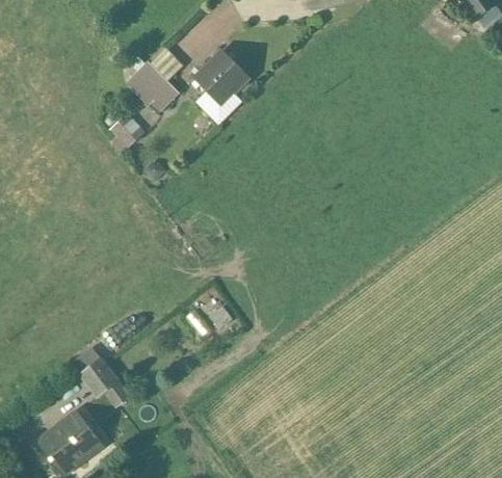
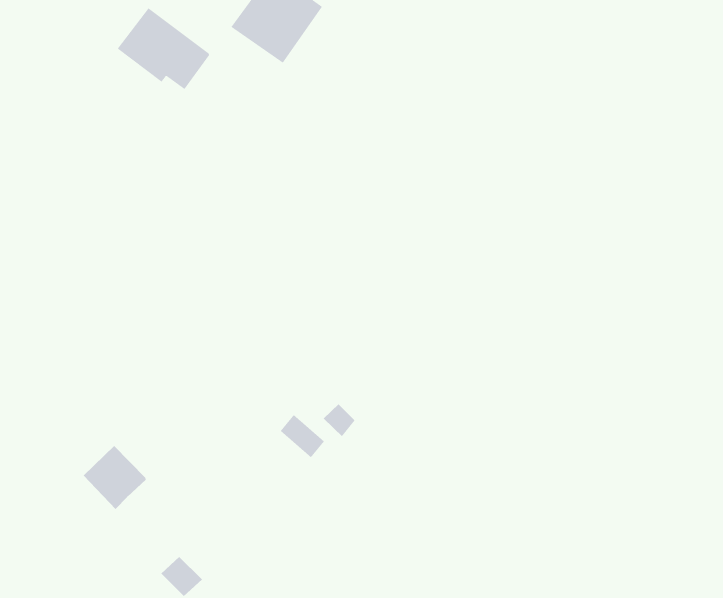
building: [108,114,140,148] -> none
building: [80,357,116,395] -> [83,445,147,510]

